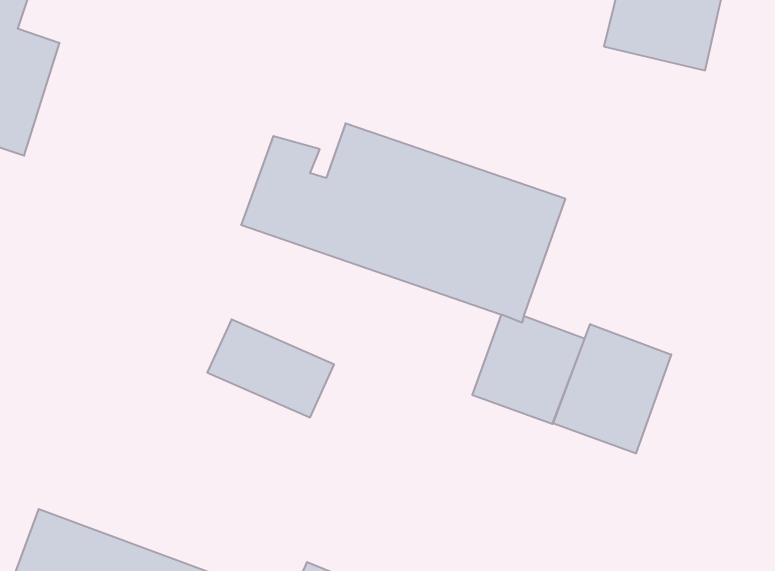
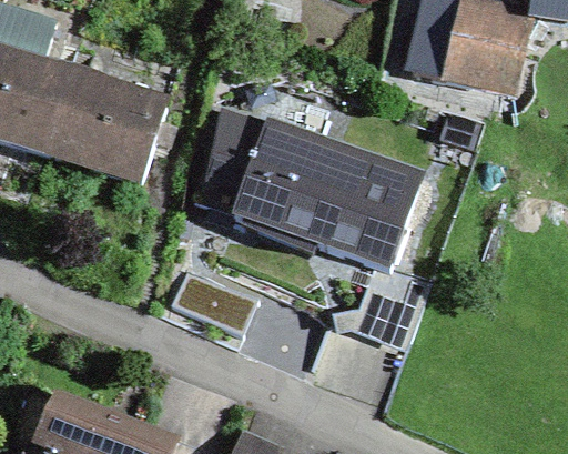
building: none -> [44,74,165,182]
building: [553,324,671,453] -> none

